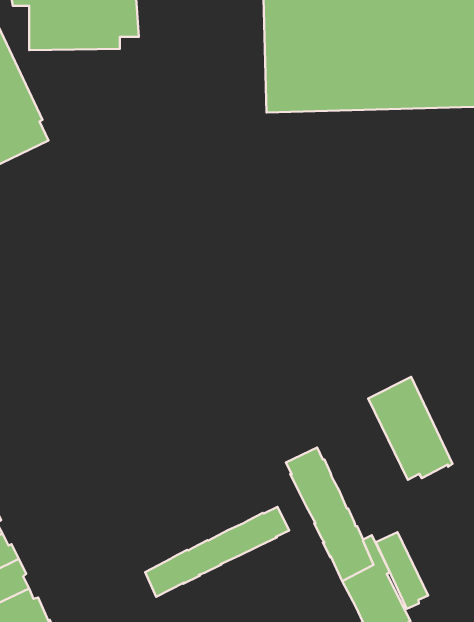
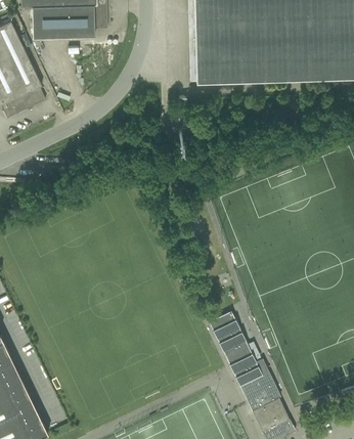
building: [368,377,453,480] -> none
building: [145,507,289,597] -> none
building: [376,532,428,609] -> none

